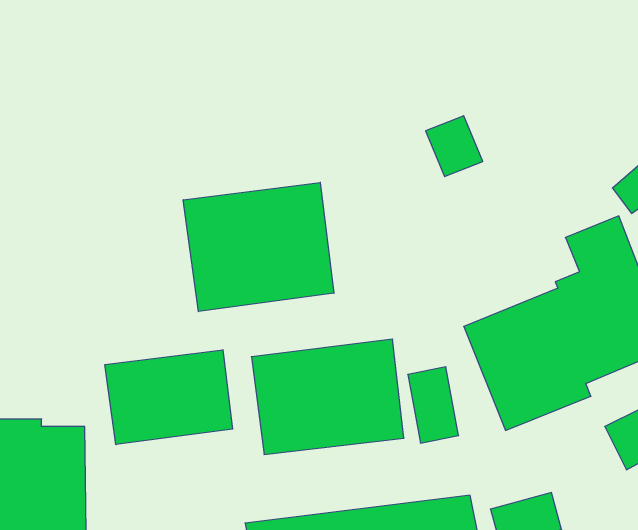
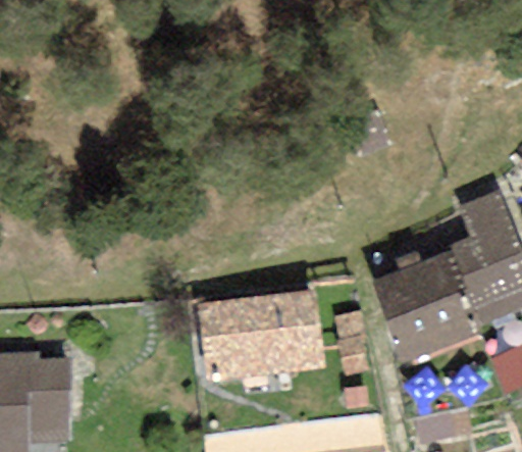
building: [183,182,334,312] -> none
building: [105,350,233,445] -> none

